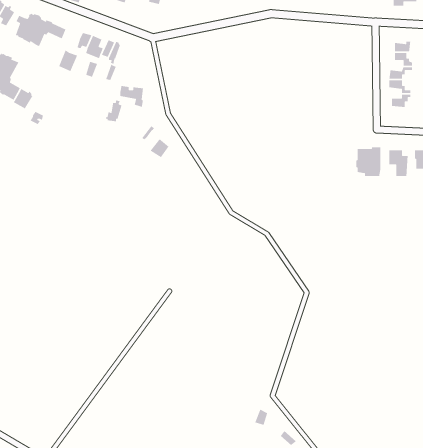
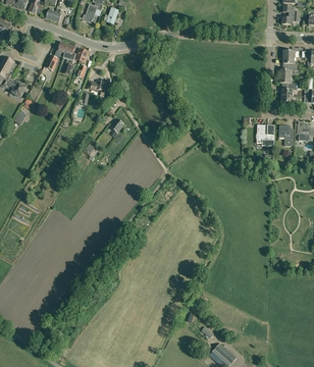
building: [15,13,66,47] -> none

